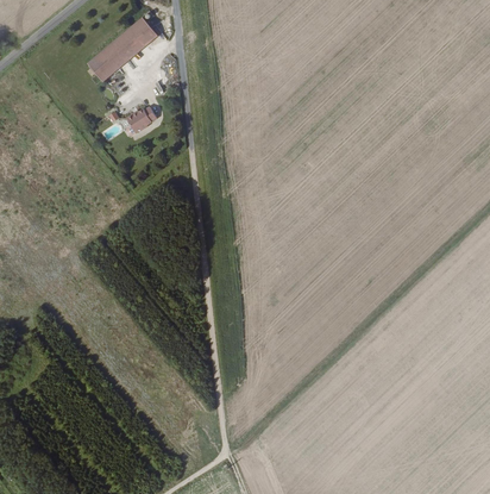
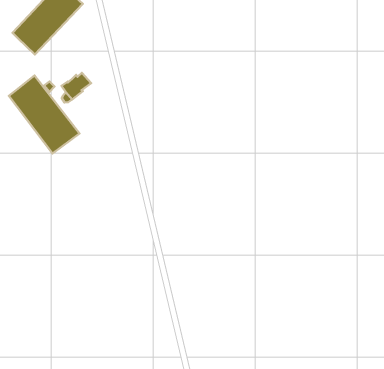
building: none -> [9,76,79,154]

